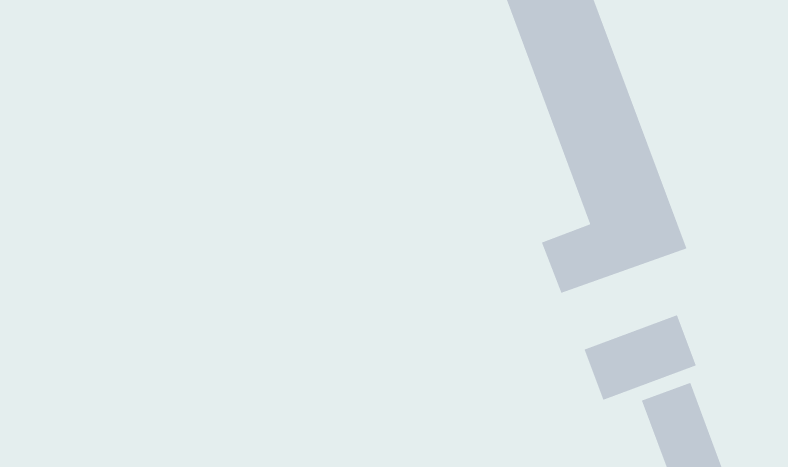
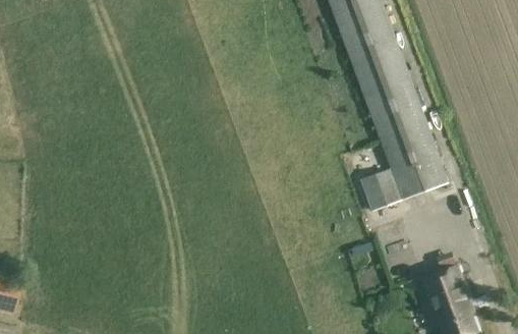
building: [583,314,697,401] -> none

